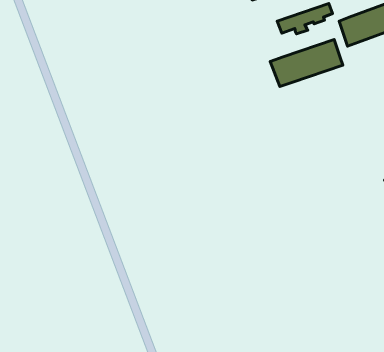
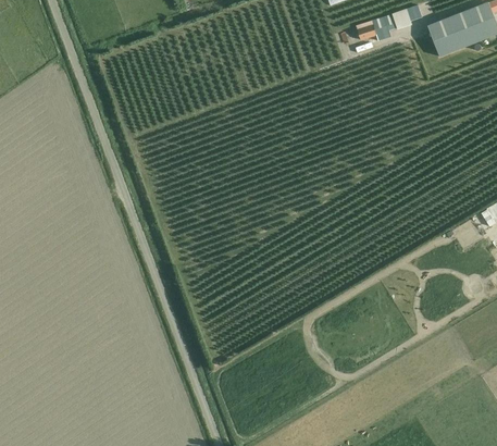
building: [270,39,343,87] -> none

